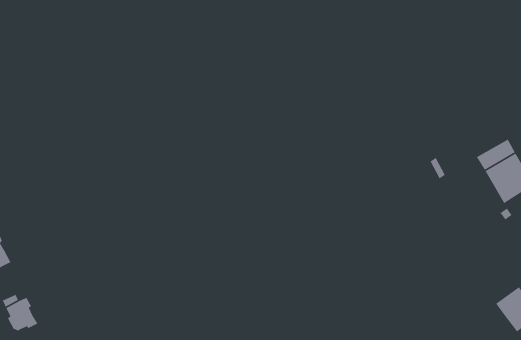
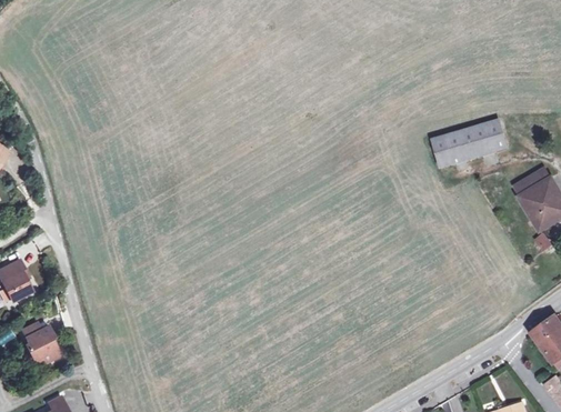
building: none -> [433,120,508,167]

